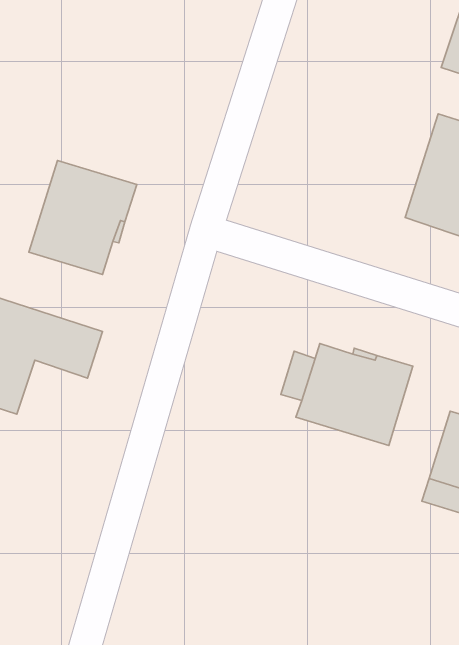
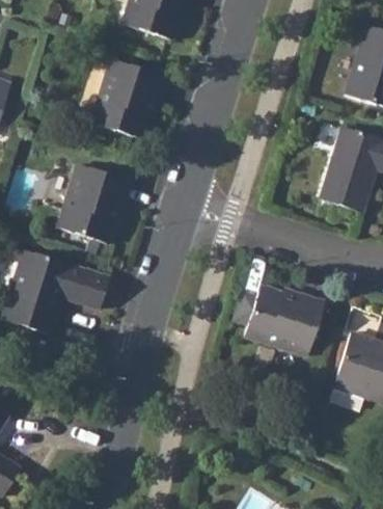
building: none -> [89,58,164,138]

